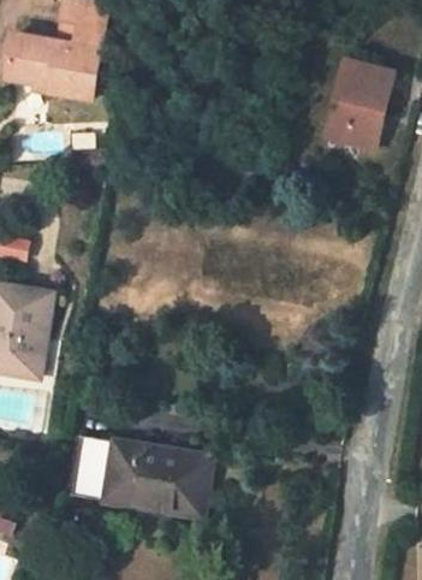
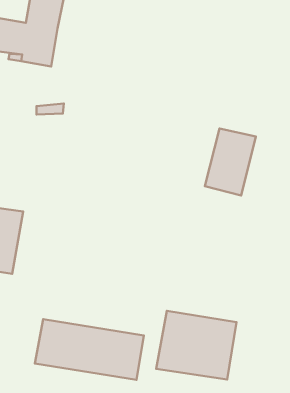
building: [327,60,394,149] -> [205,128,256,195]
building: none -> [156,311,237,379]

